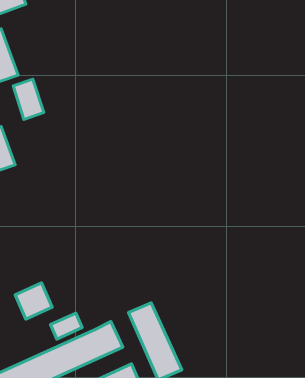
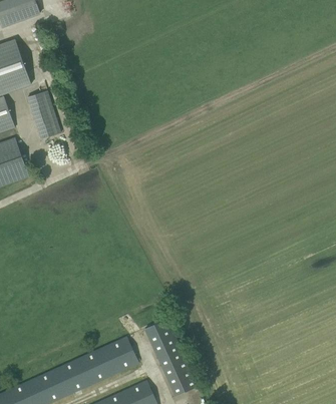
building: [15,283,52,319] -> none
building: [51,313,82,339] -> none

